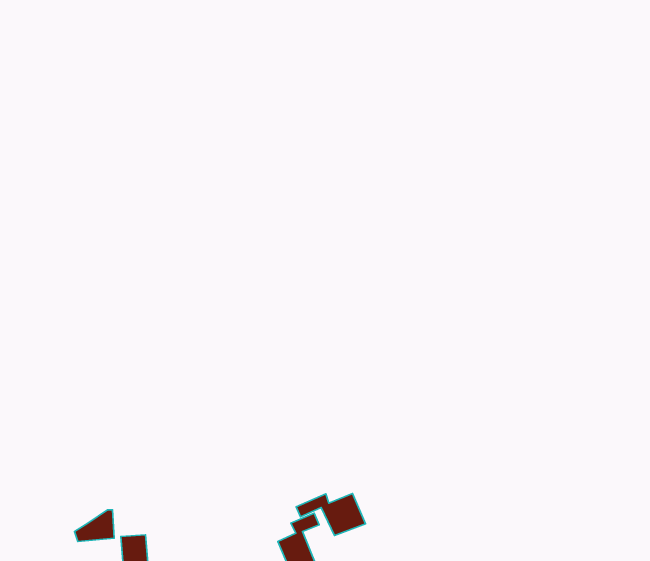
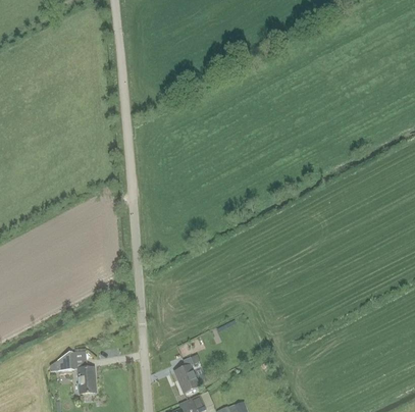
building: [296,493,366,536] -> none

